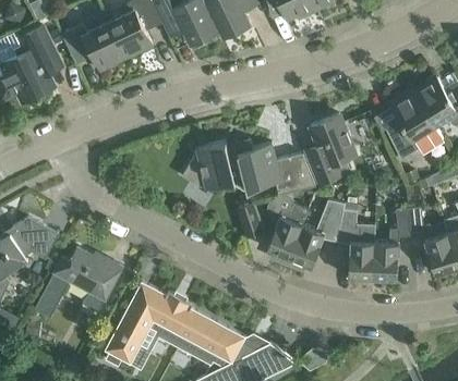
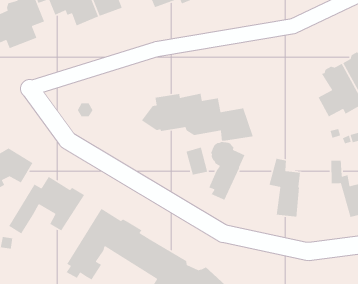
building: [310,115,355,184] -> none
building: [287,200,345,271] -> none
building: [373,209,410,280] -> none

